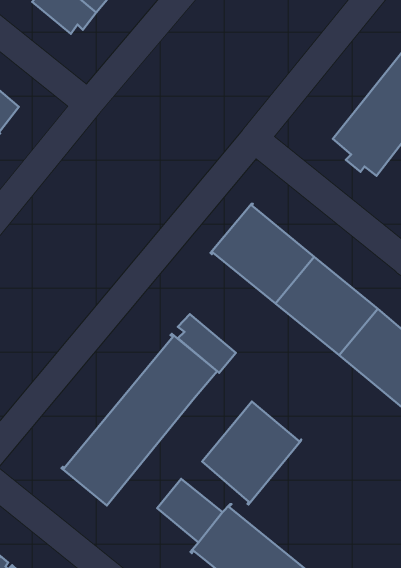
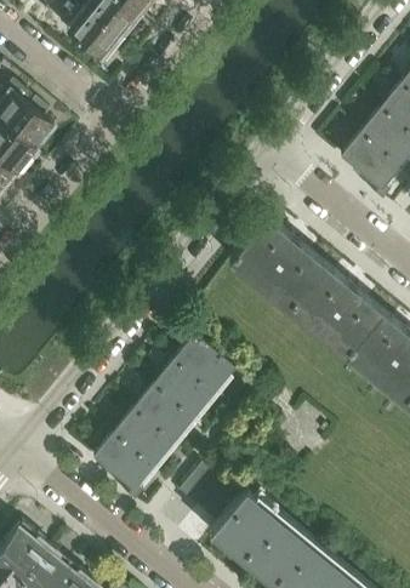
building: [178,314,236,373] -> none
building: [202,402,301,505] -> none

